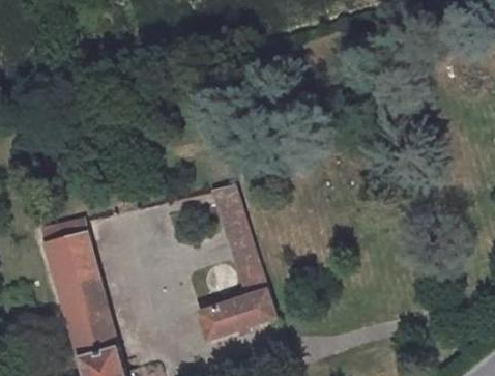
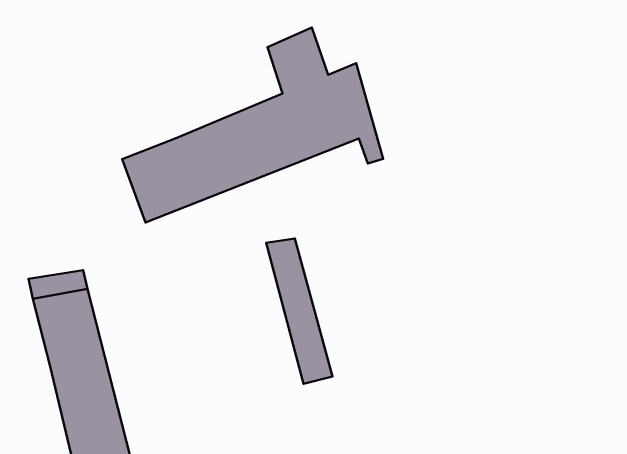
building: none -> [122,28,383,223]
building: [196,288,272,334] -> none

